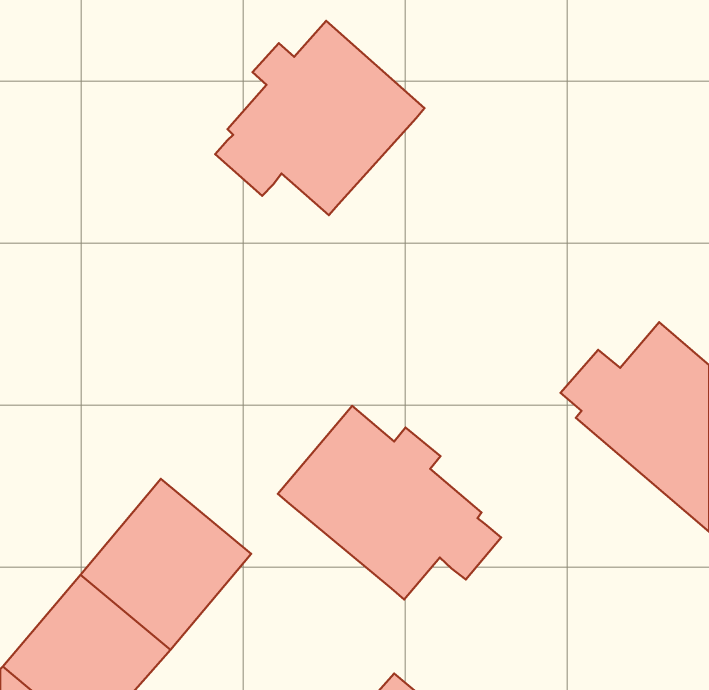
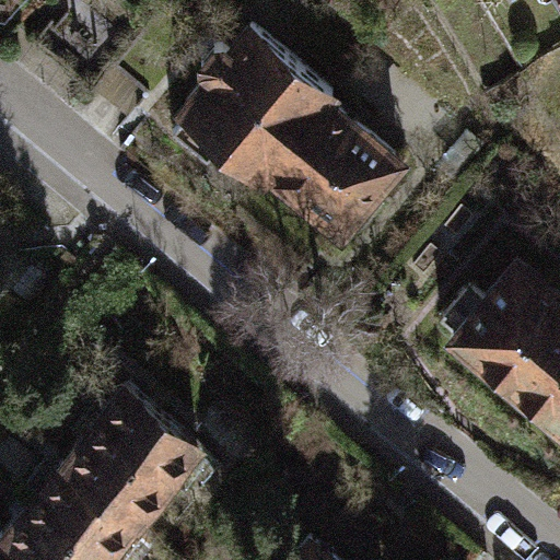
building: none -> [267,108,398,240]
building: [278,406,501,599] -> none

